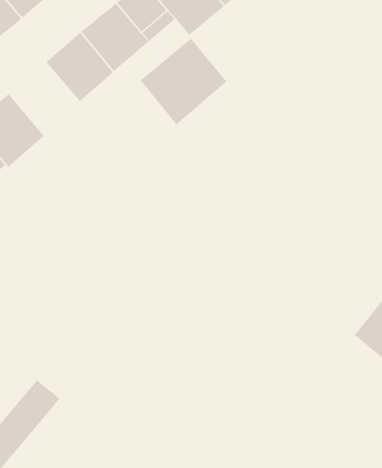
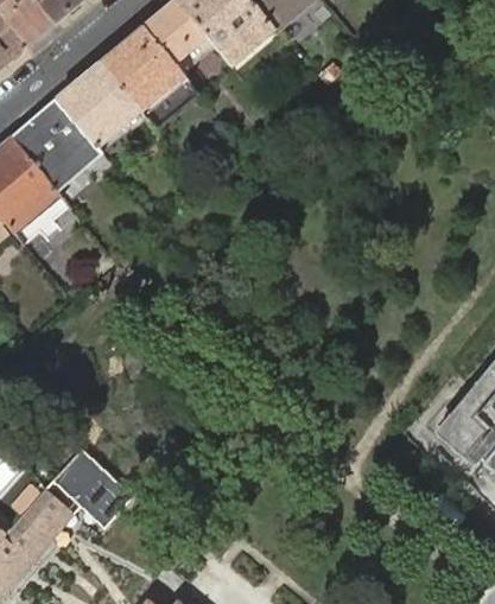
building: [140,38,228,125] -> none
building: none -> [12,98,102,189]
building: none -> [51,452,131,530]

